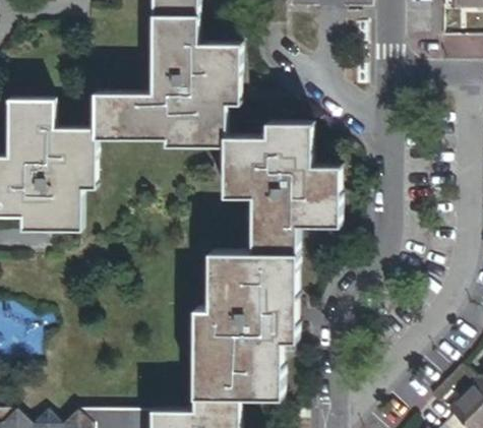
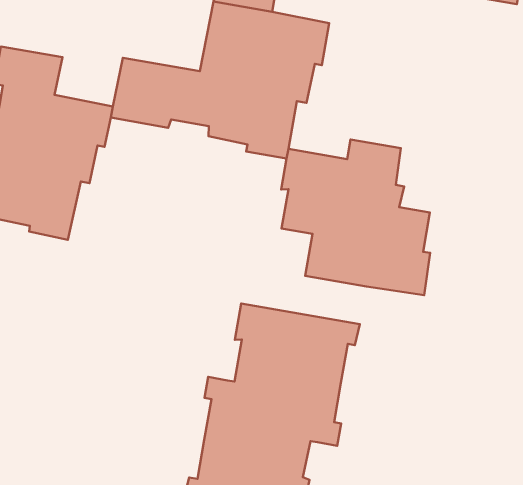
building: [252,226,297,253] -> none

